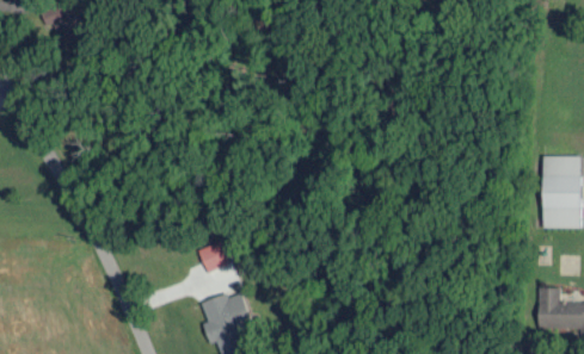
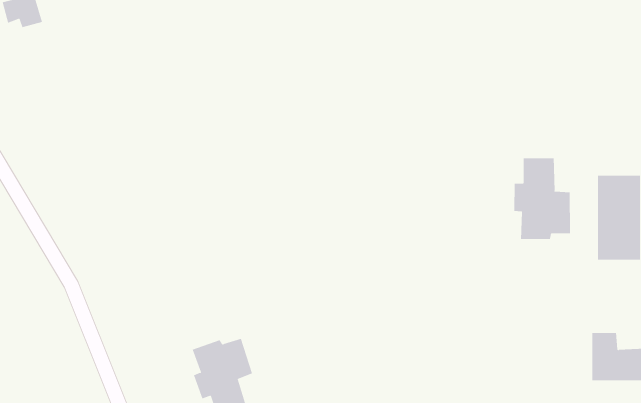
building: none -> [514,158,571,240]
building: [199,242,230,273] -> none

